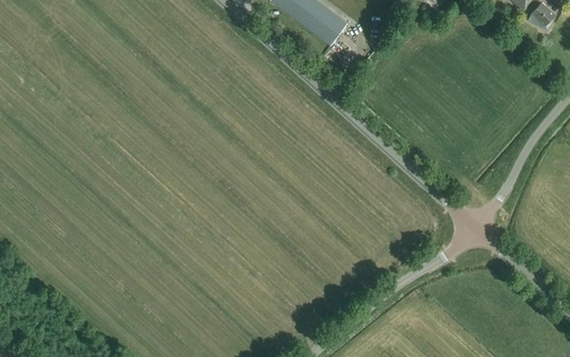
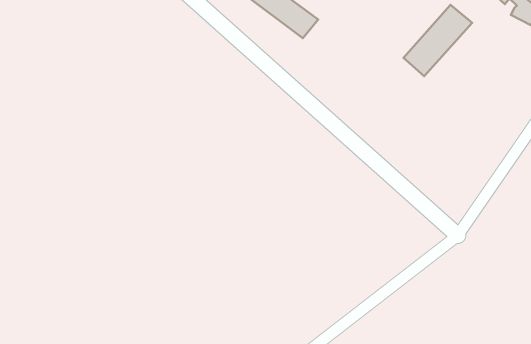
building: none -> [404,5,472,76]

